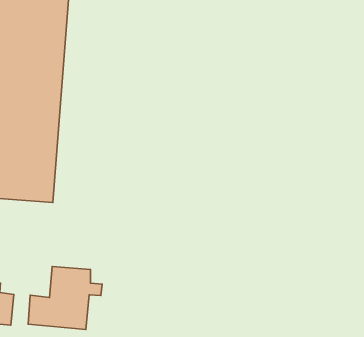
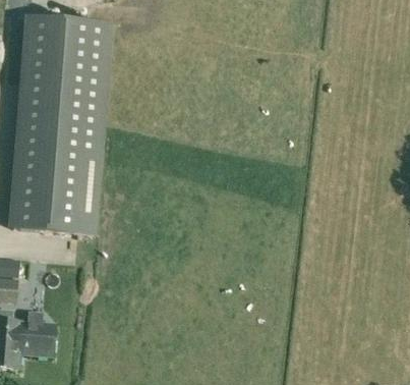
building: [28,266,102,329] -> none

